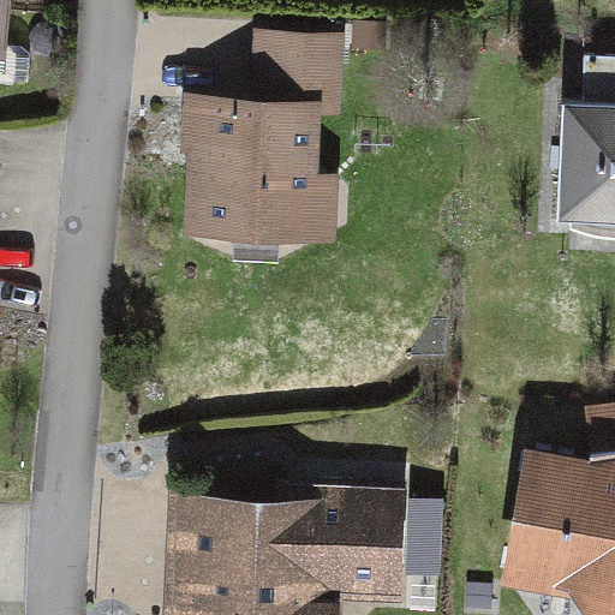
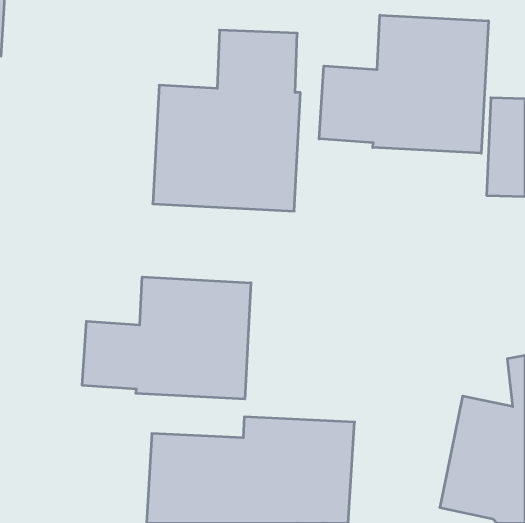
building: none -> [319,15,488,153]
building: none -> [82,277,251,399]

